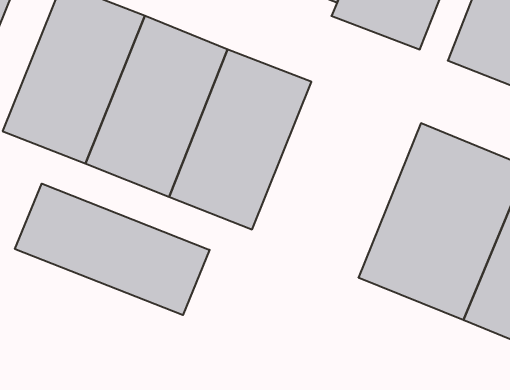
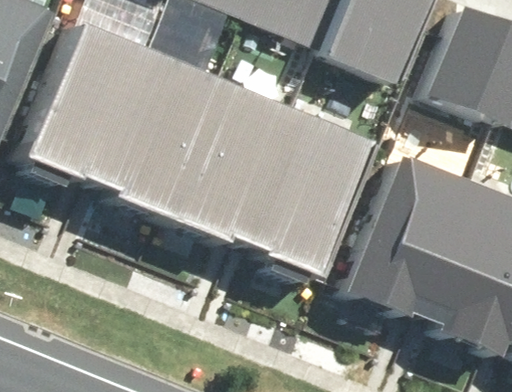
building: none -> [250,114,377,275]
building: [15,184,210,315] -> none

